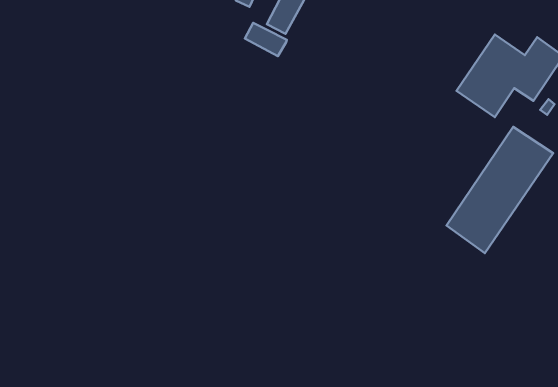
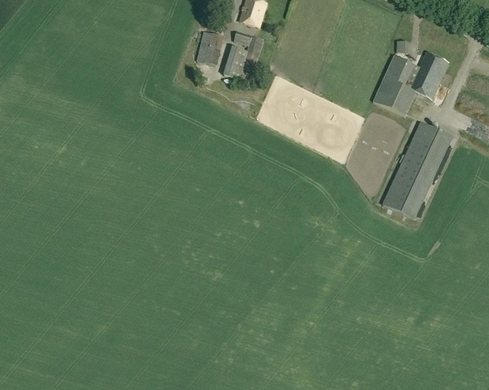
building: [245,23,287,56] -> none

